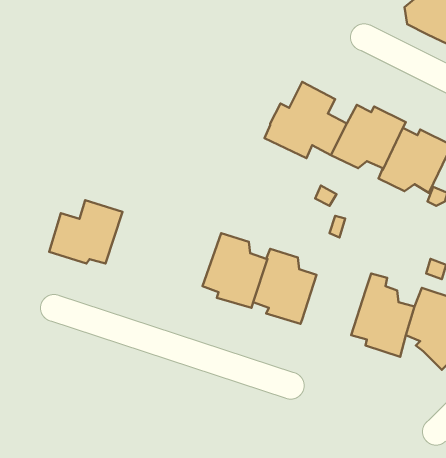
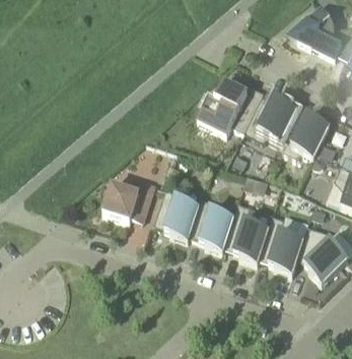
building: [49,200,123,263] -> [104,175,156,220]
building: none -> [225,201,270,262]

